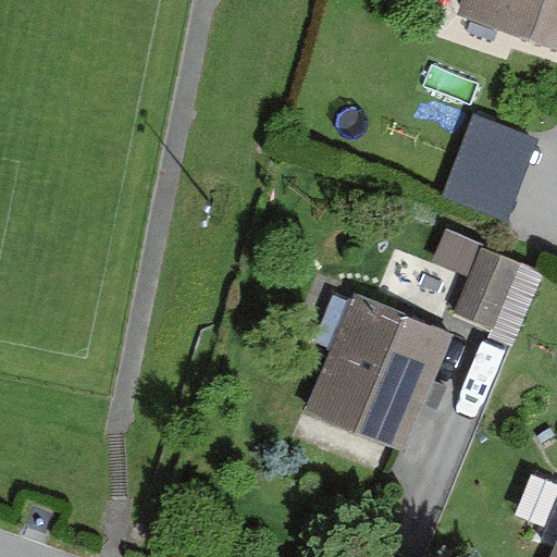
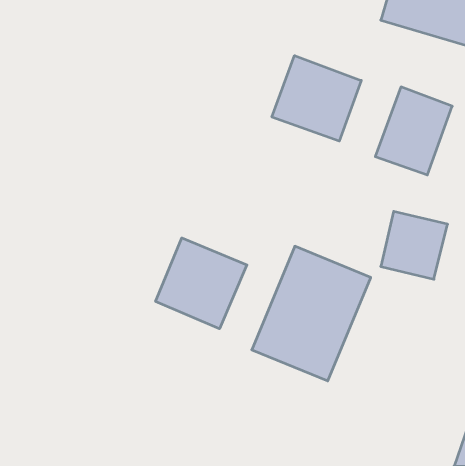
building: none -> [272,56,361,141]
building: none -> [156,238,247,329]

